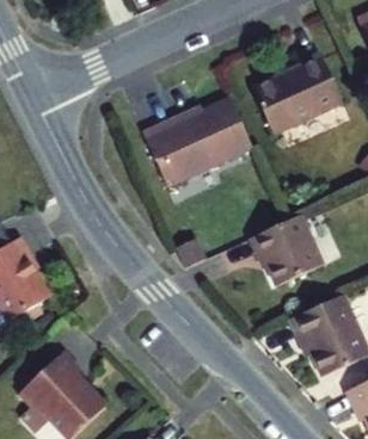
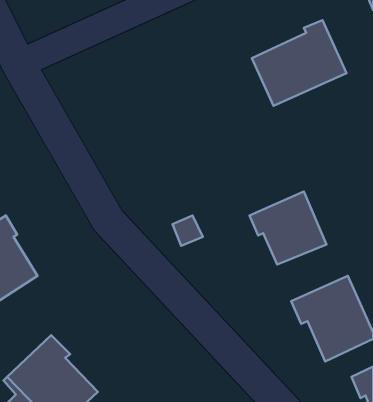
building: [142,98,252,186] -> none

